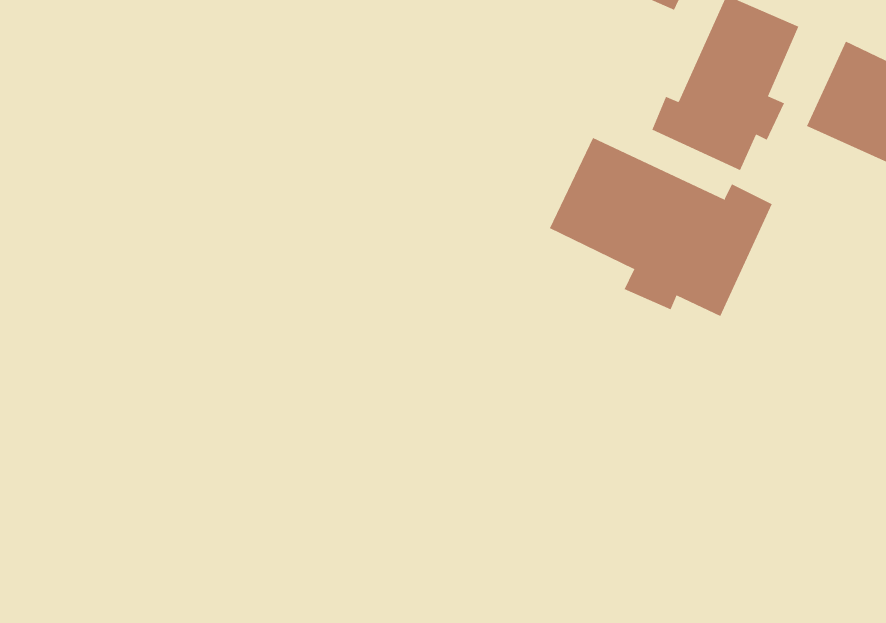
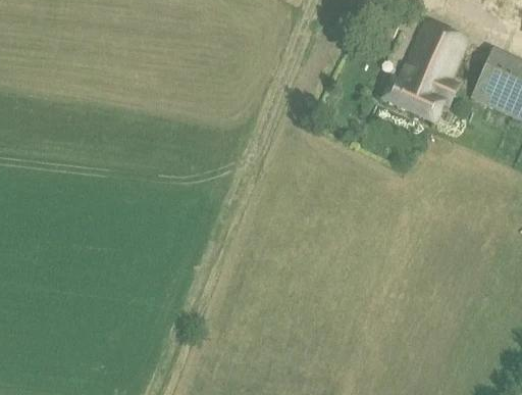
building: [549,137,773,317] -> none

